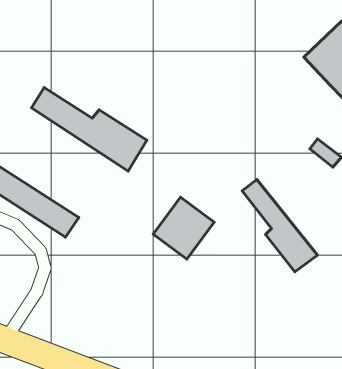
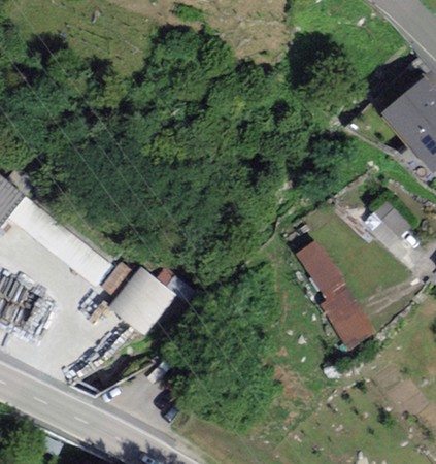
building: [31,87,147,171] -> none
building: [153,197,214,259] -> [108,266,177,335]

